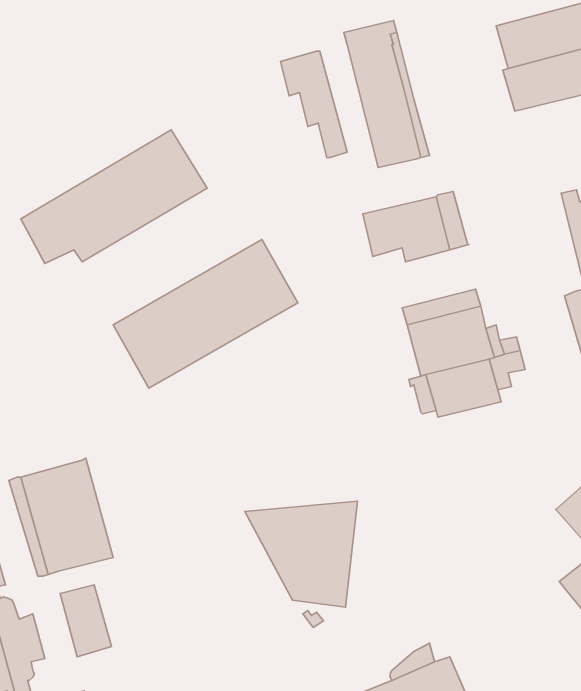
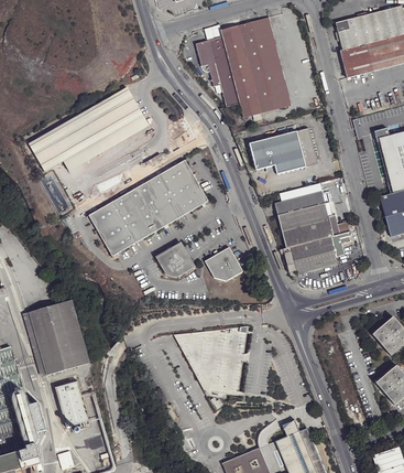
building: none -> [220,25,259,117]
building: none -> [155,241,195,276]
building: none -> [204,246,242,281]

